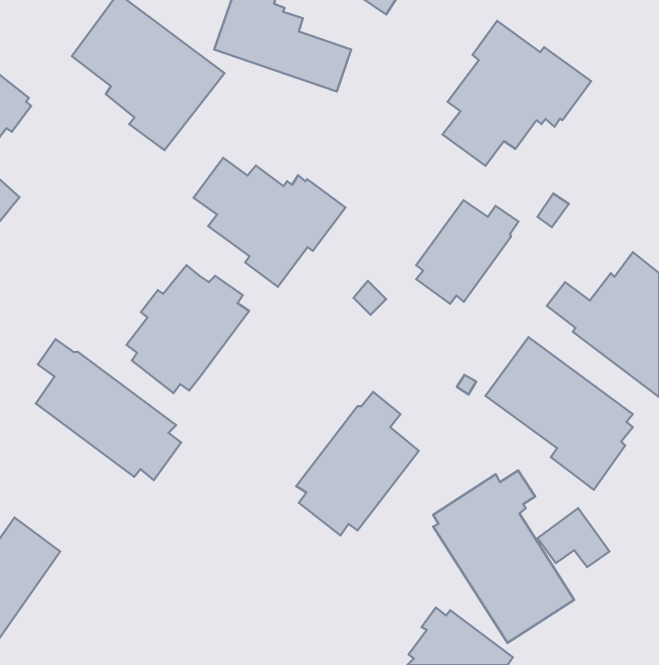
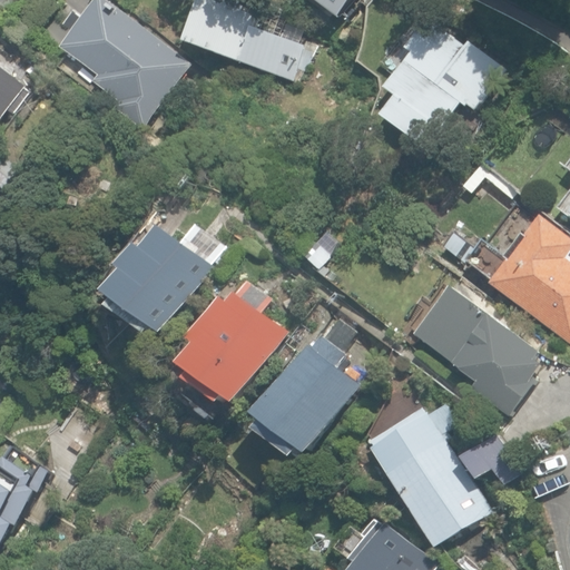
building: [193,158,345,287] -> none
building: [416,200,518,304] -> none
building: none -> [180,281,287,403]
building: [36,339,181,480] -> none

